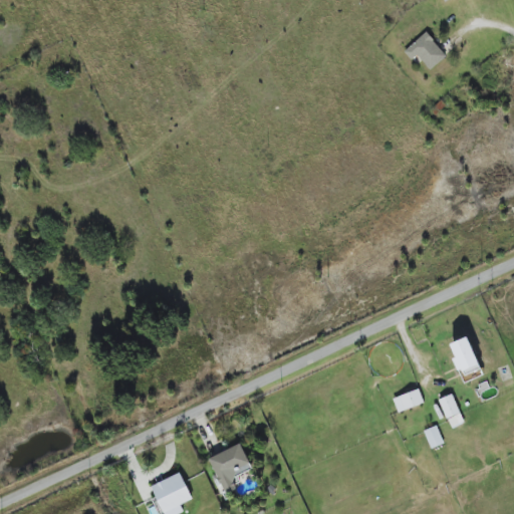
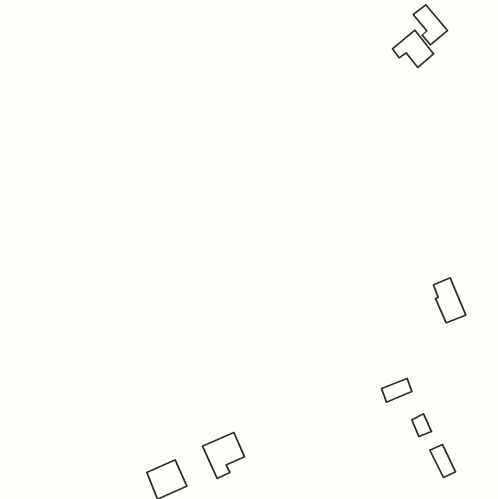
building: none -> [413,5,448,45]
building: [450,336,483,382] -> [433,278,466,323]
building: [437,394,463,428] -> [430,444,455,478]

